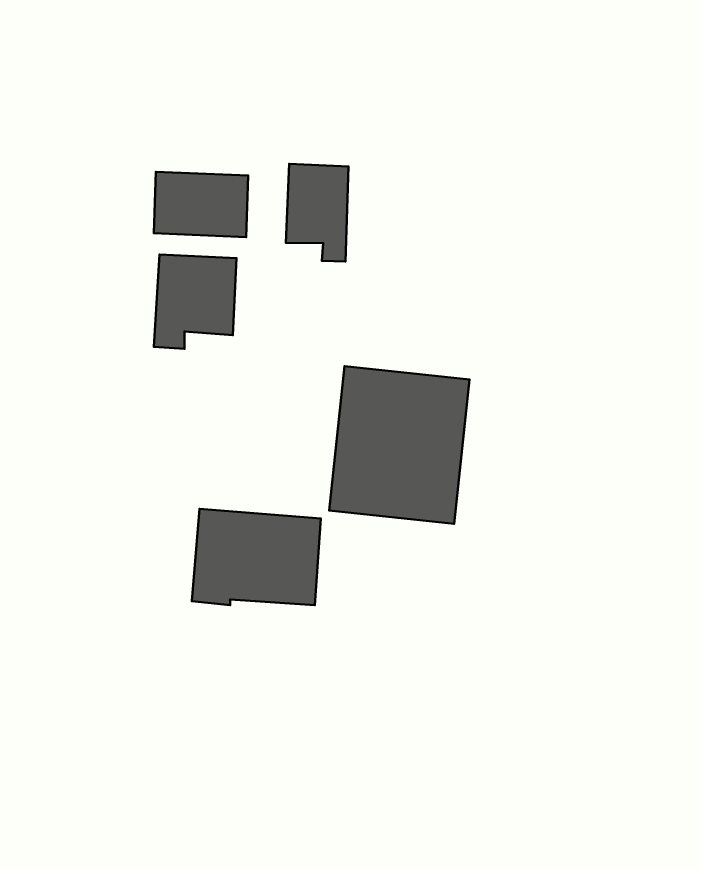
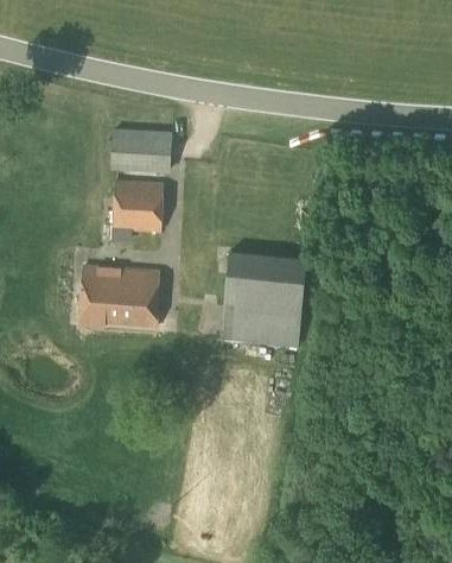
building: [286,164,349,261] -> none
building: [192,509,321,605] -> [79,267,159,327]

